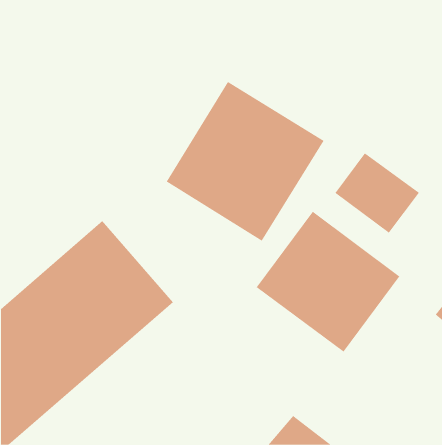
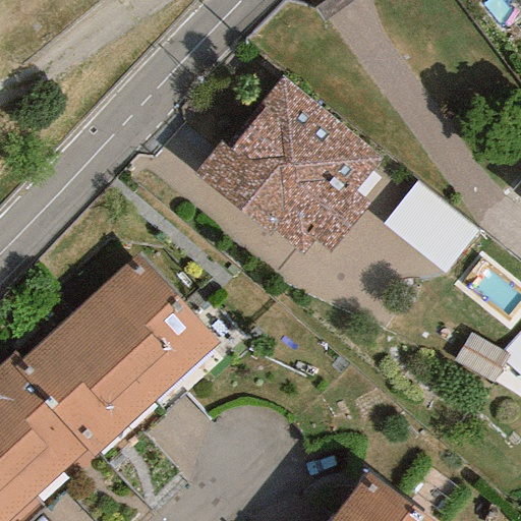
building: [256,211,400,352] -> none

